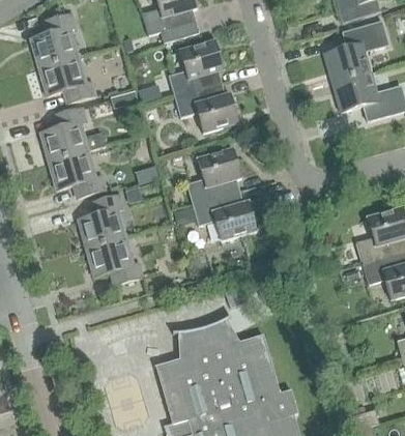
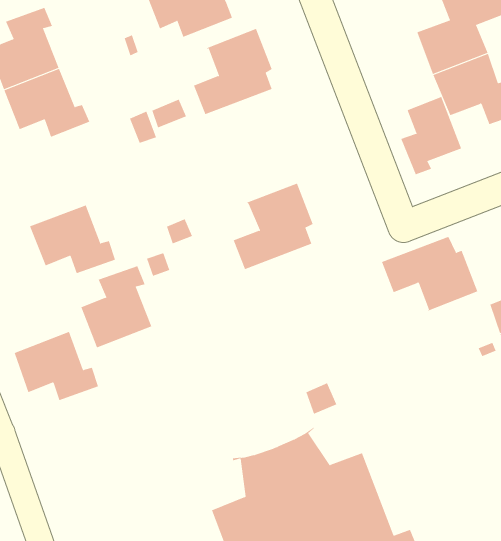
building: [174,83,238,133] -> none
building: none -> [400,96,462,175]
building: [40,108,106,162] -> none
building: [192,191,256,240] -> [381,236,478,311]
building: [86,237,142,284] -> [14,331,99,401]

